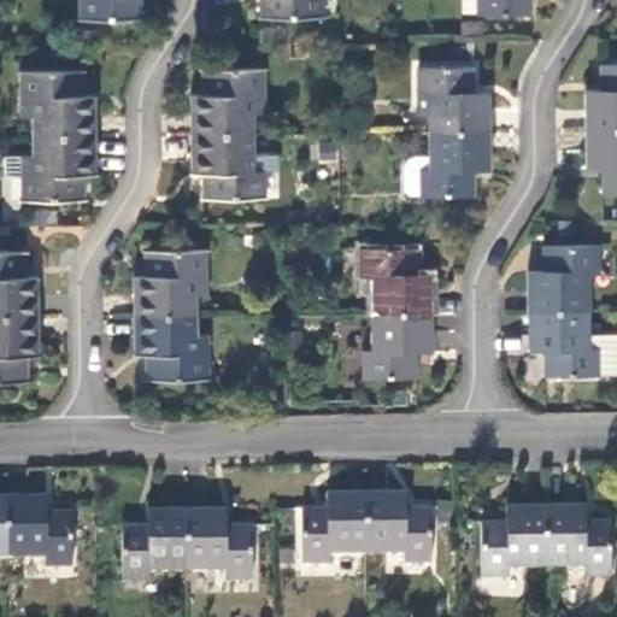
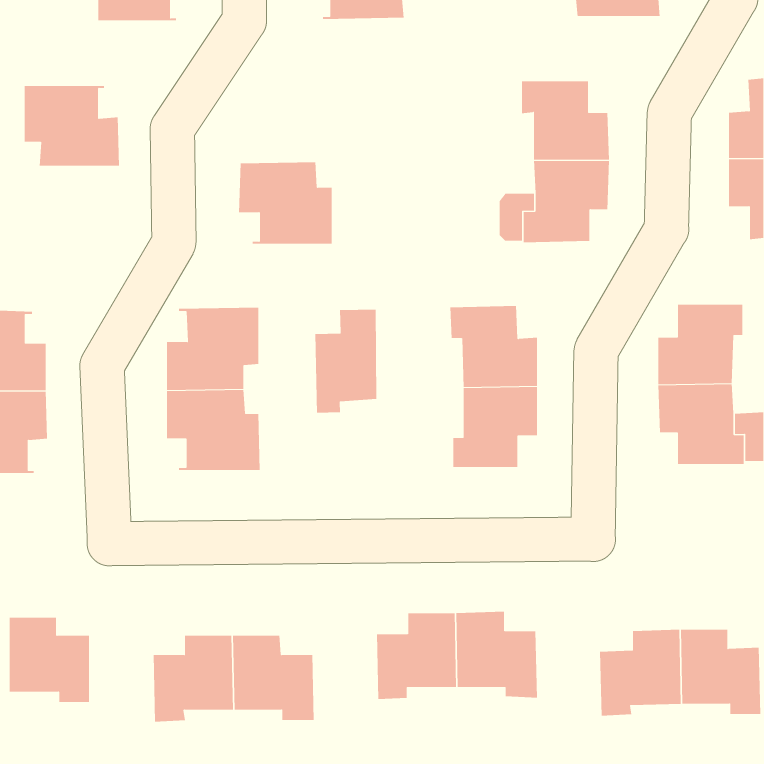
building: [192,66,268,131] -> none
building: [20,134,96,199] -> none
building: none -> [315,309,377,413]

